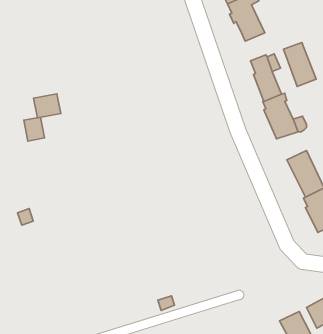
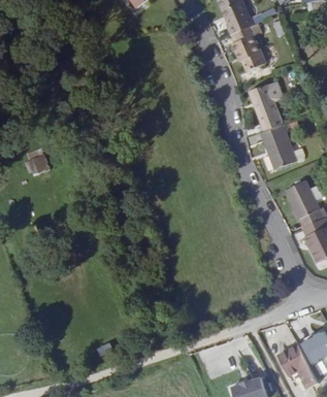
building: [284,43,316,87] -> none
building: [33,94,61,118] -> none

